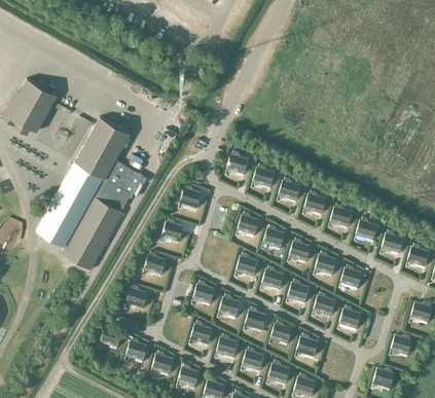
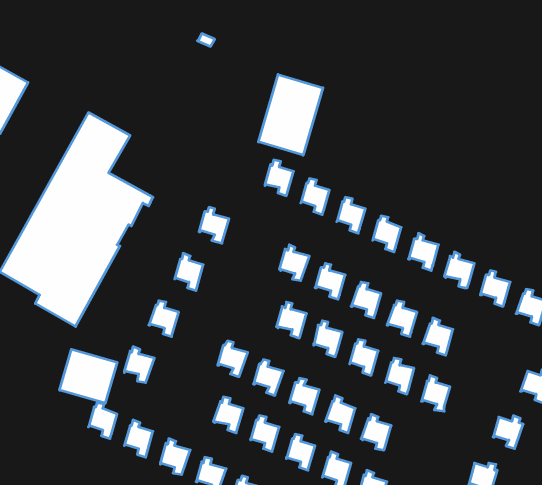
building: none -> [258,74,323,155]
building: none -> [60,349,117,403]

